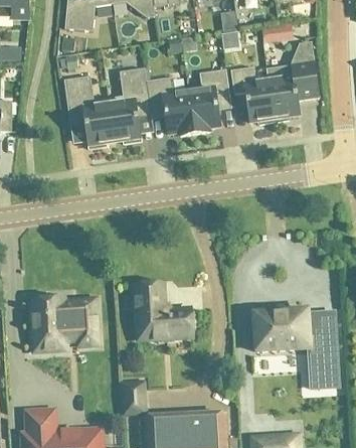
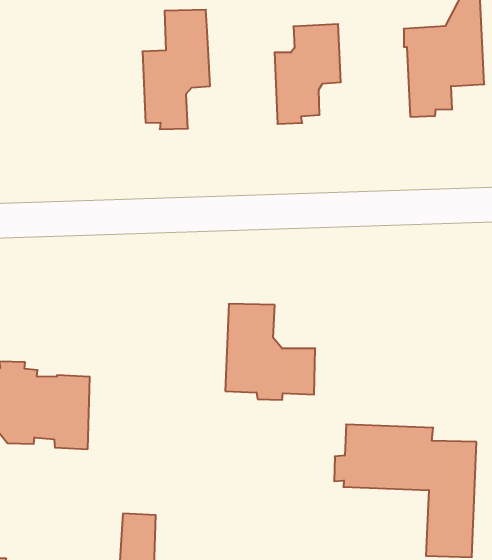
building: [229,66,275,124] -> none
building: [63,76,114,148] -> none
building: [146,77,194,135] -> none
building: [135,283,192,341] -> [225,304,315,400]

